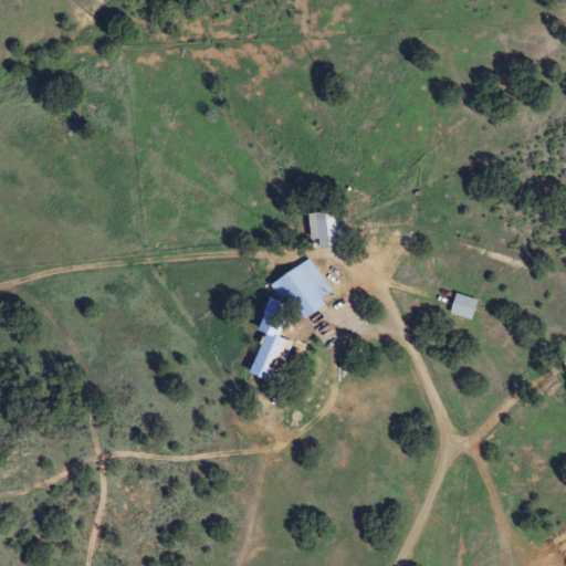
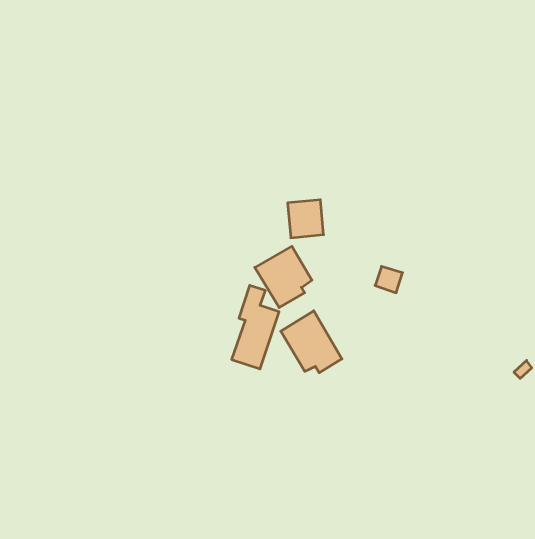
building: [449,293,478,321] -> [375,266,403,293]
building: none -> [281,311,342,373]

